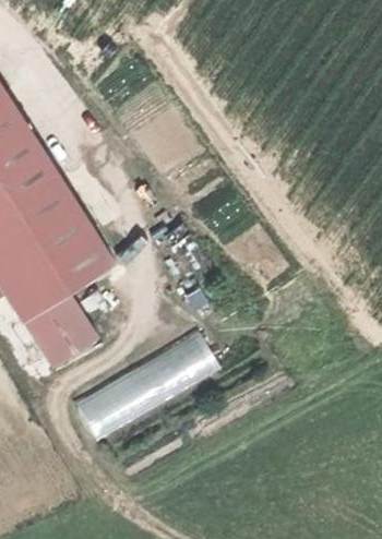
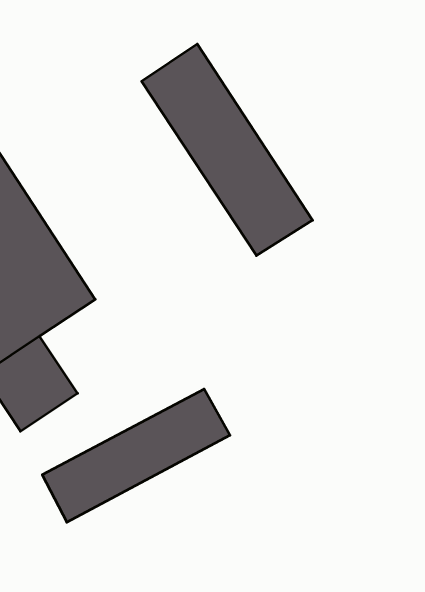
building: none -> [142,44,313,256]

